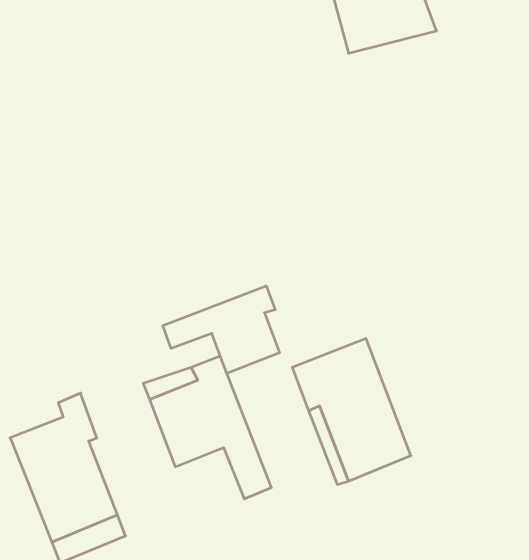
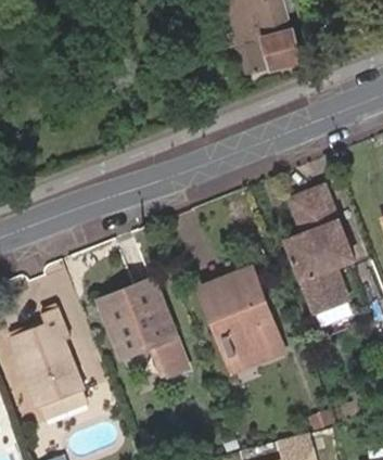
building: none -> [288,186,353,322]
building: [163,286,279,374] -> none

